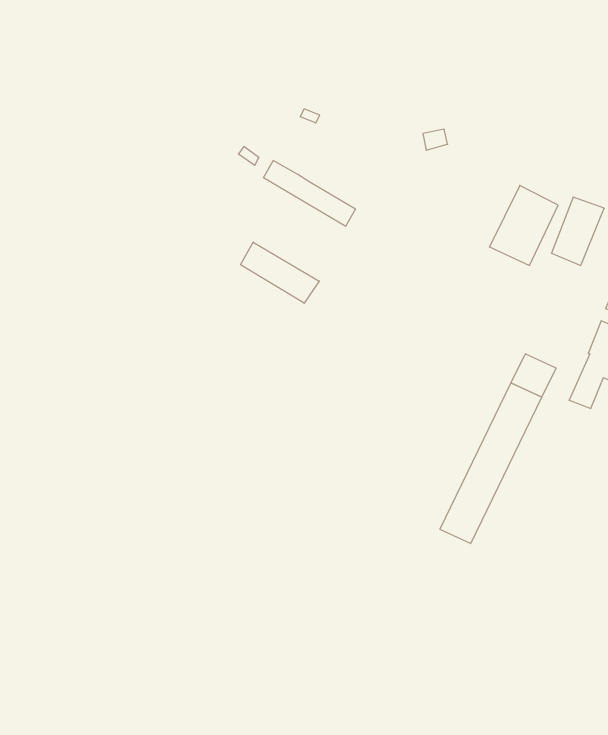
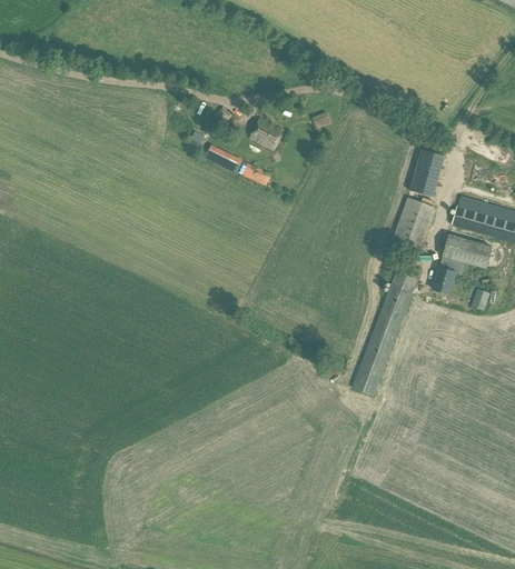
building: none -> [250,116,286,149]
building: [489,185,558,265] -> [392,197,436,251]
building: [241,242,319,303] -> none

